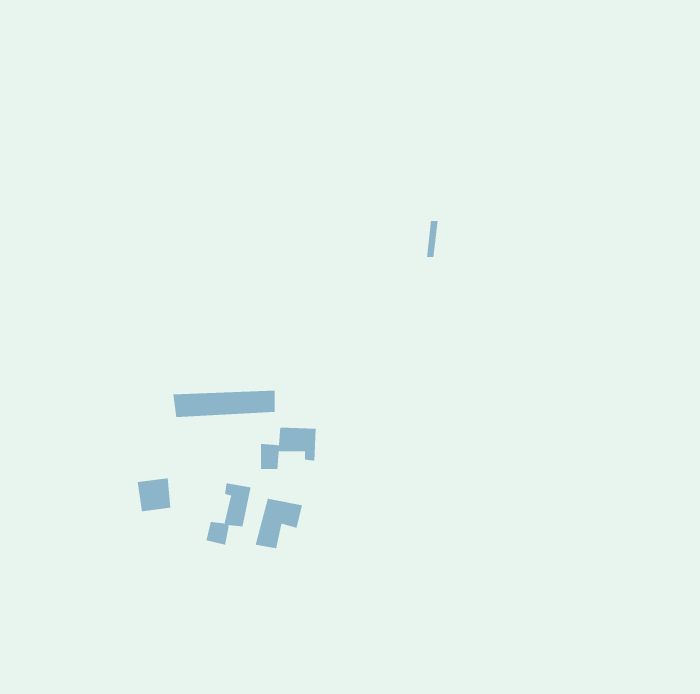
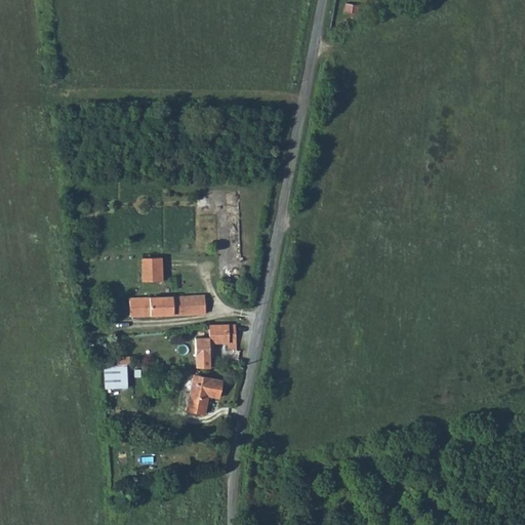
building: none -> [138,262,159,285]
building: [206,482,251,545] -> none

